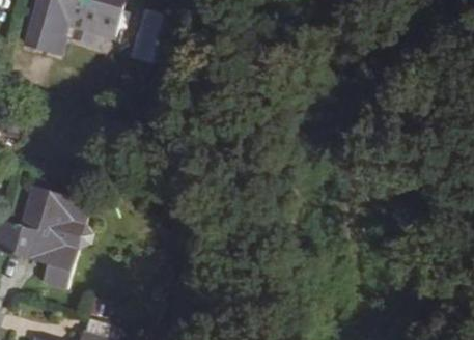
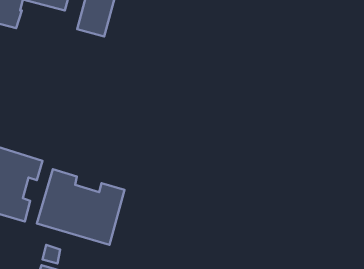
building: none -> [37,169,124,245]

